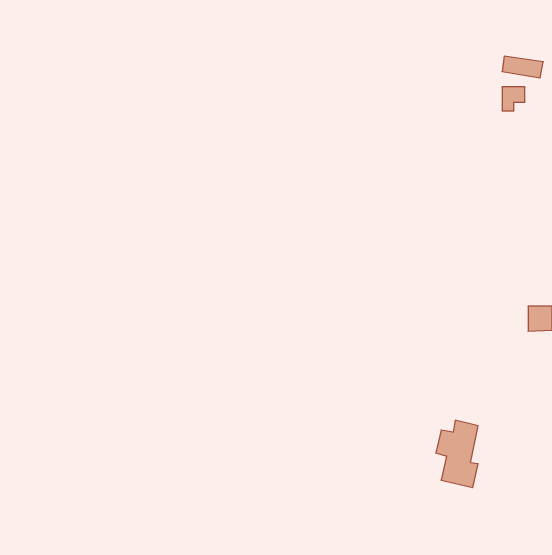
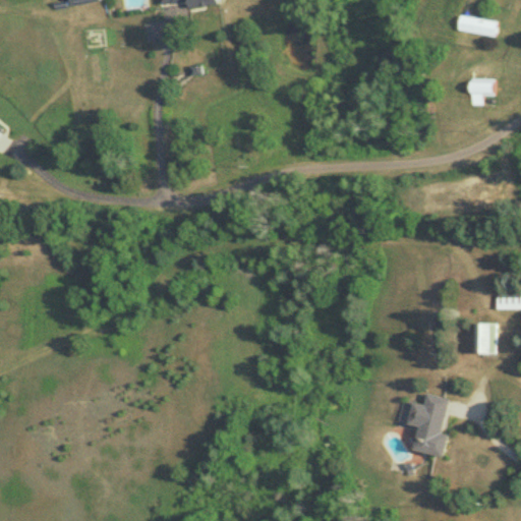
building: [502,56,543,78] -> [458,16,497,37]
building: none -> [473,324,495,353]

